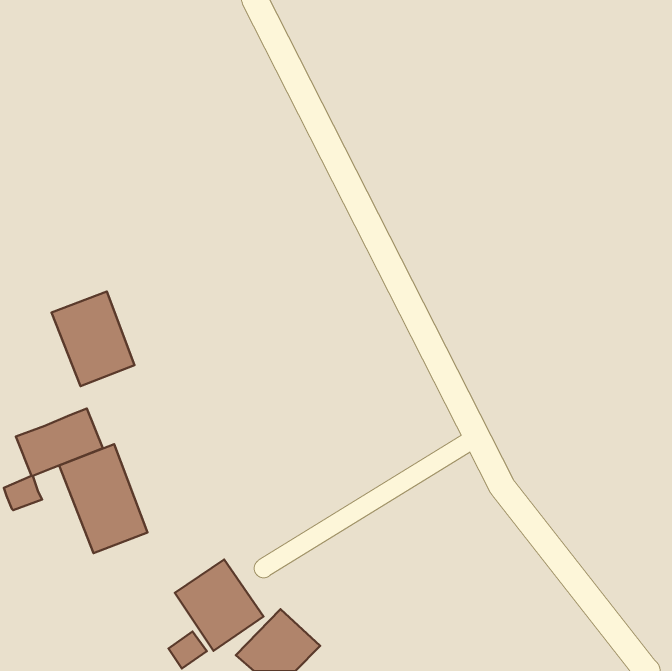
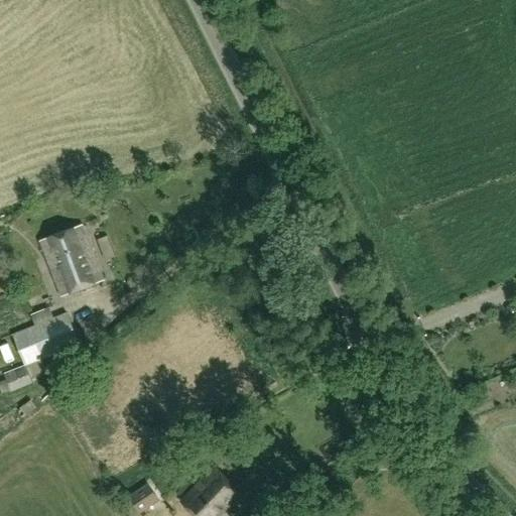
building: [59,444,148,553] -> none
building: [175,560,263,651] -> none

